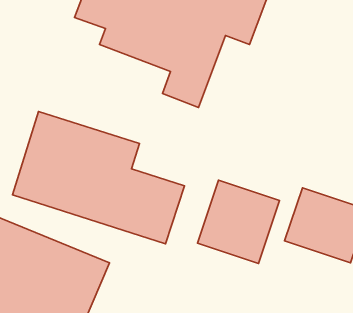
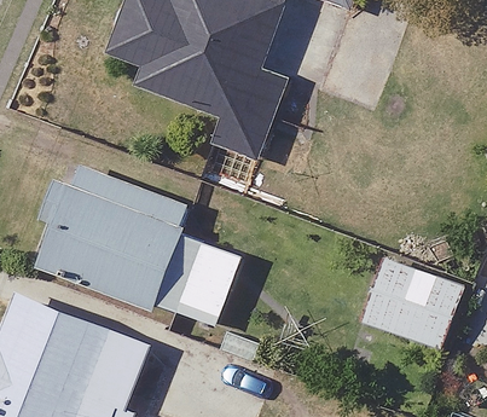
building: [198,180,279,263] -> none

